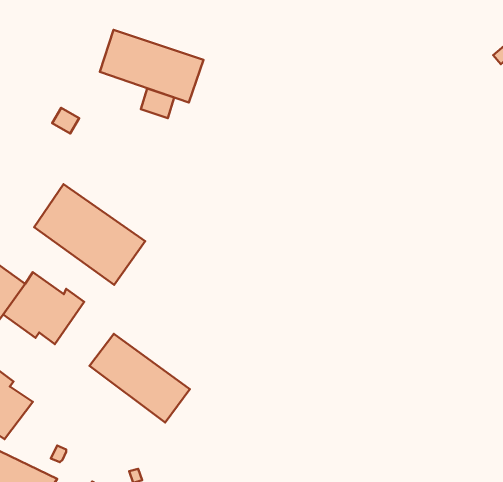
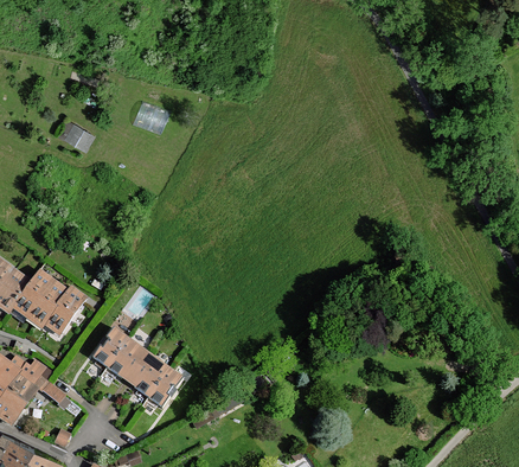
building: [100,30,203,103] -> none
building: [34,184,145,285] -> none
building: none -> [18,359,65,403]

